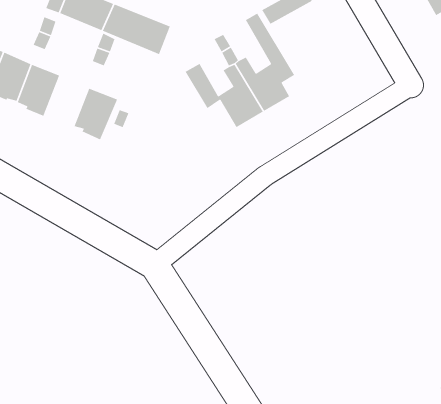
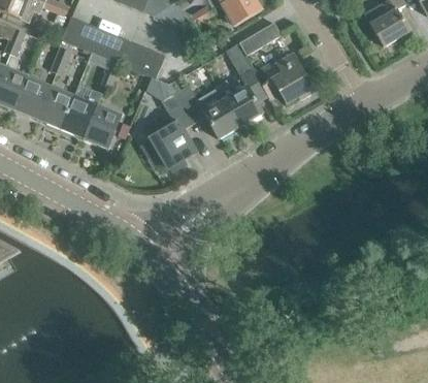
building: none -> [261,54,311,102]
building: none -> [60,90,101,138]
building: none -> [143,92,196,171]

